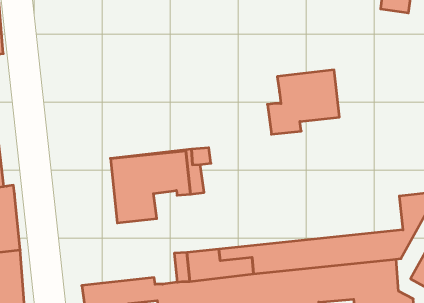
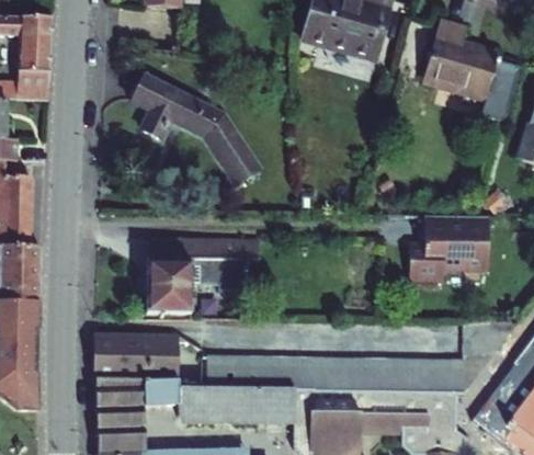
building: none -> [129,71,254,185]
building: [267,70,339,134] -> [409,214,489,278]
building: none -> [99,330,182,376]

